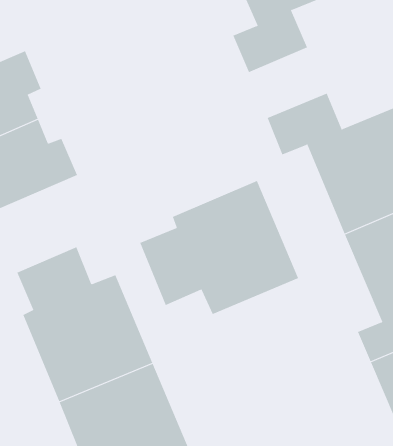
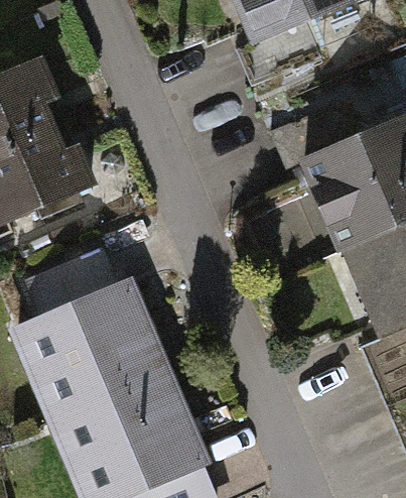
building: [139,180,299,315] -> none

